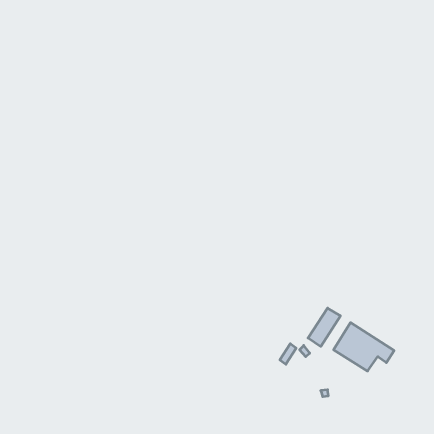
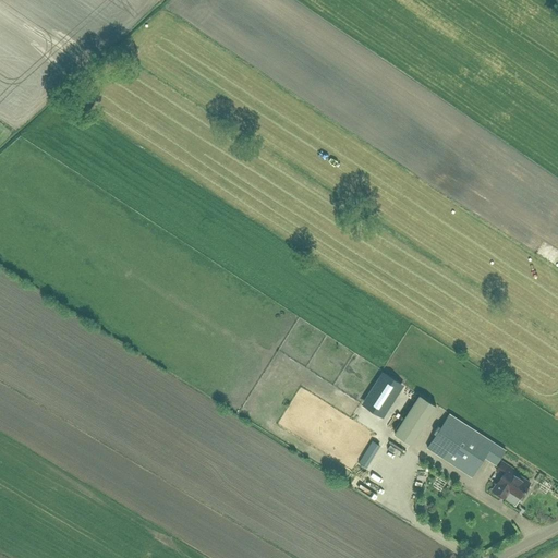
building: none -> [362,372,399,414]
building: none -> [492,462,531,499]

